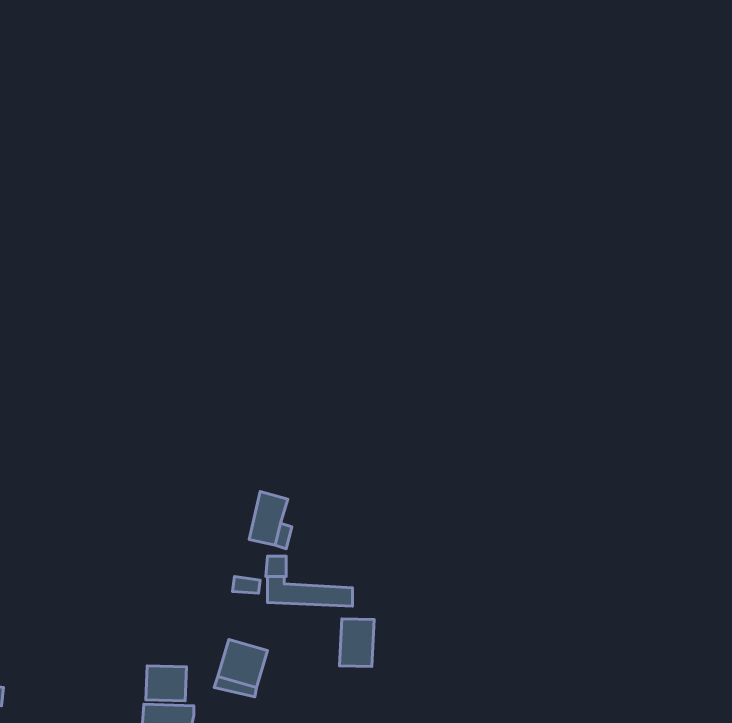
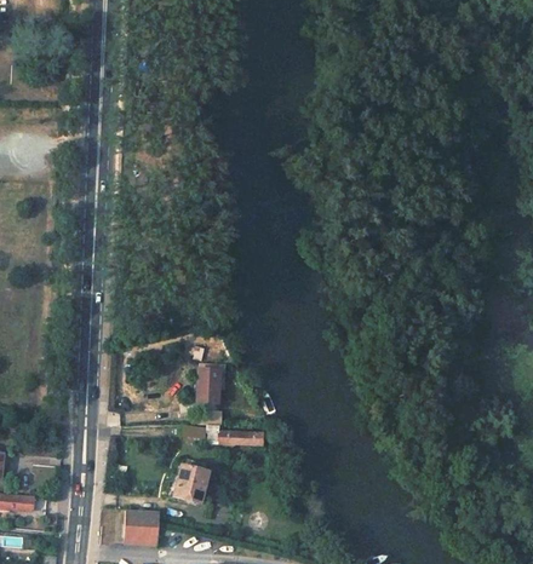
building: [340,619,374,667] -> none
building: [146,666,187,701] -> none

